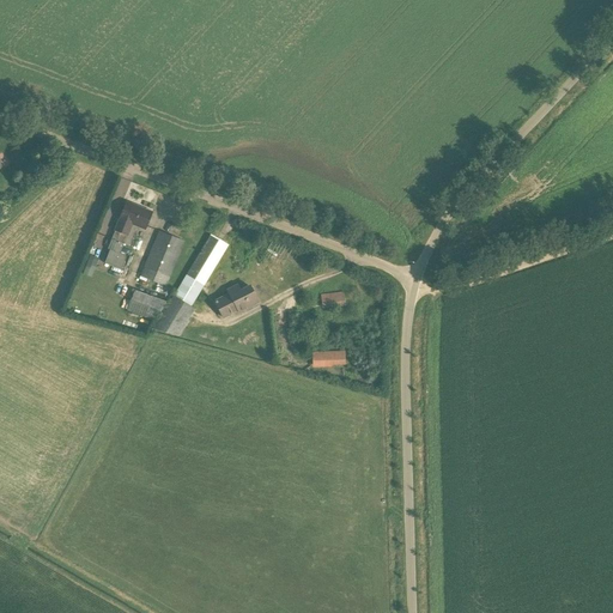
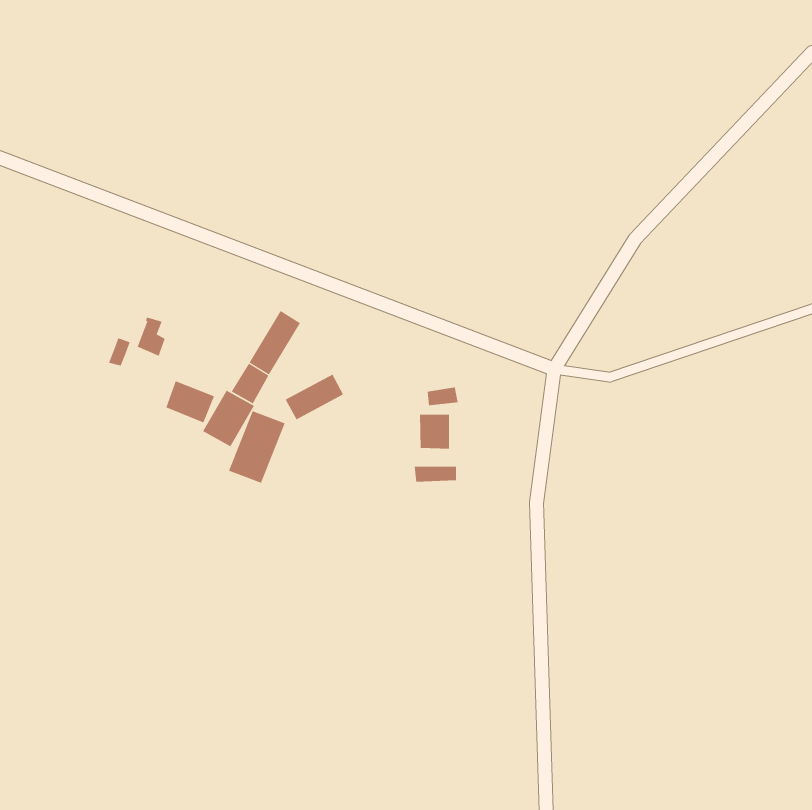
building: [110,202,151,245] -> none
building: [140,230,183,285] -> [228,410,286,484]
building: none -> [420,414,450,449]

